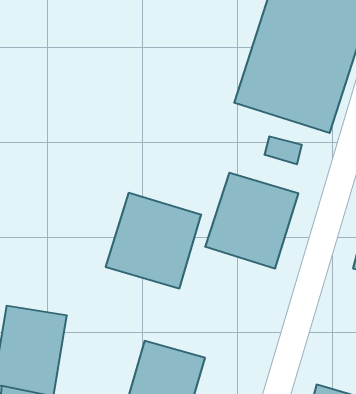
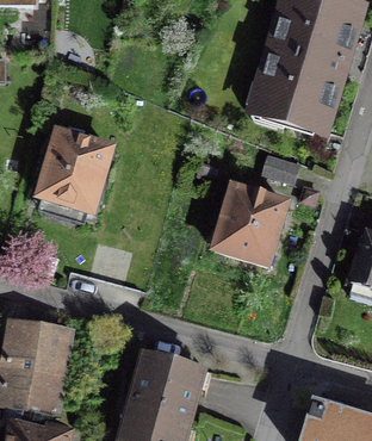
building: [106,193,201,288] -> [23,128,117,222]

